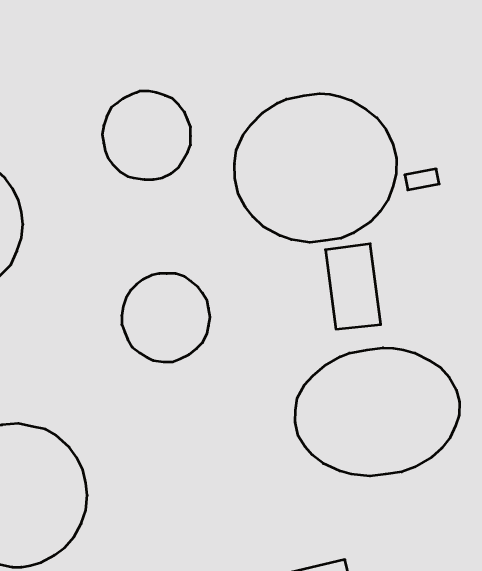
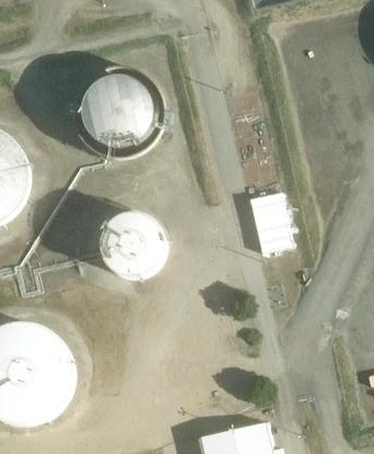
building: [235,94,396,242] -> none
building: [295,348,459,476] -> none

